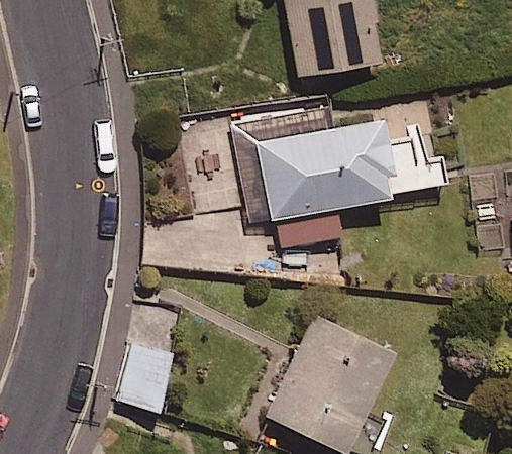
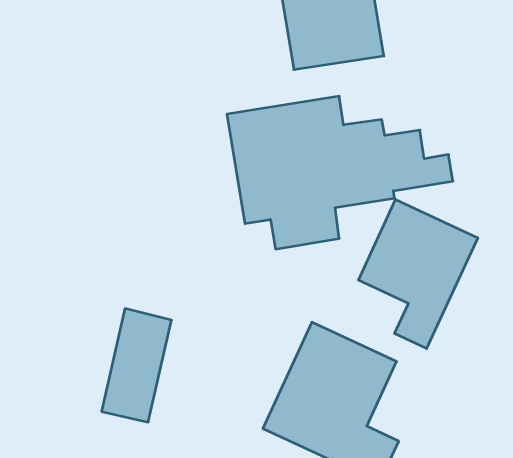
building: none -> [358,200,478,349]

